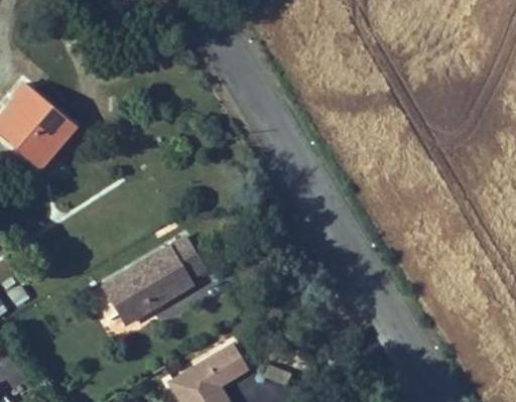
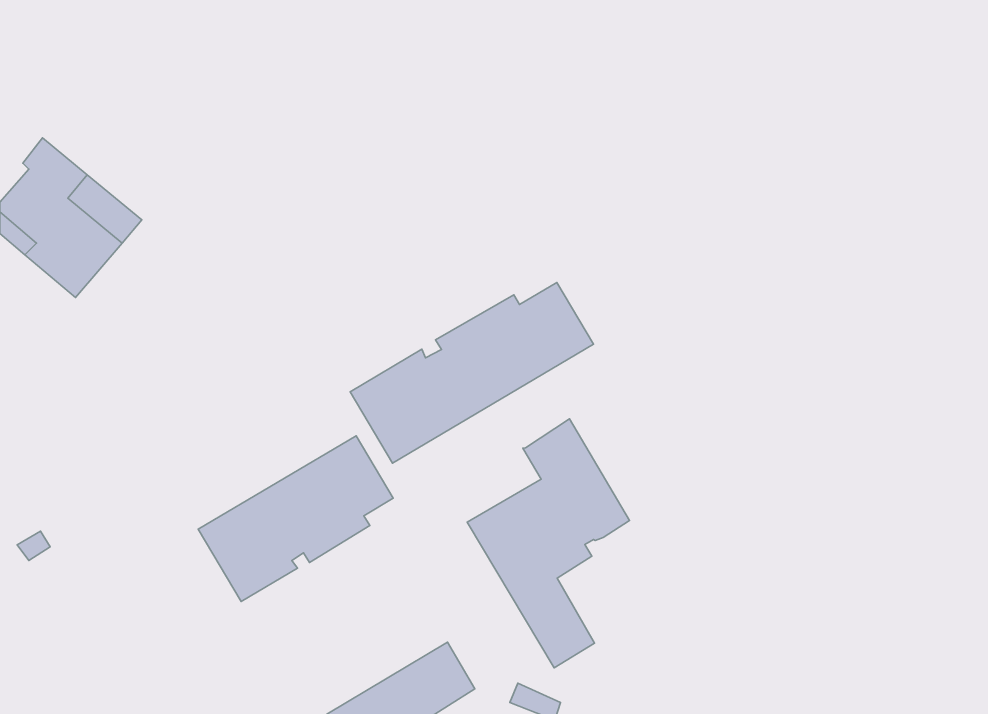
building: none -> [350,282,593,463]
building: none -> [467,419,629,668]

